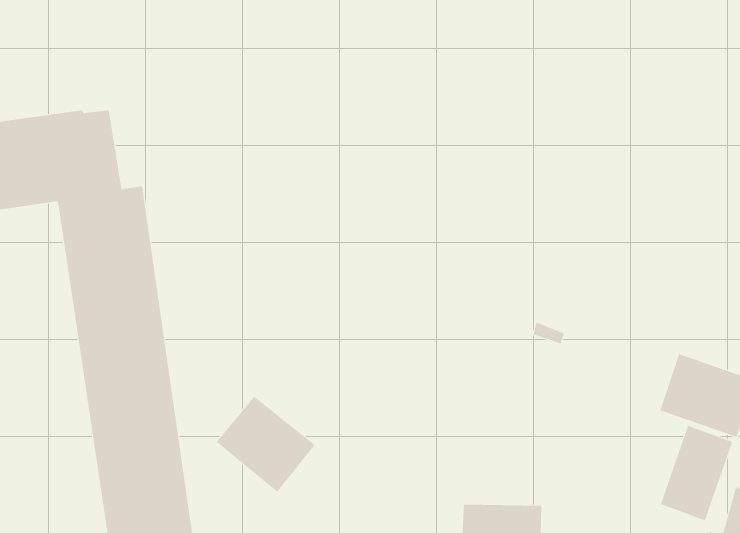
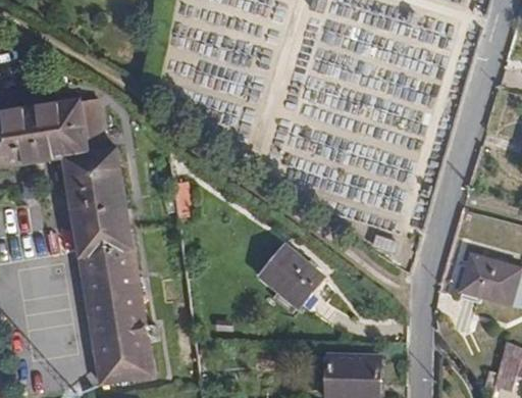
building: [216,396,316,493] -> [256,243,320,305]
building: [660,425,733,521] -> none

